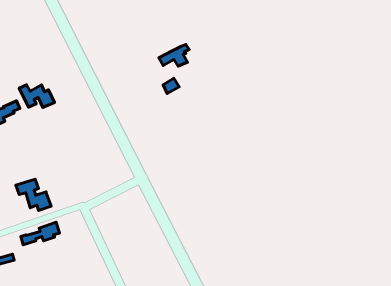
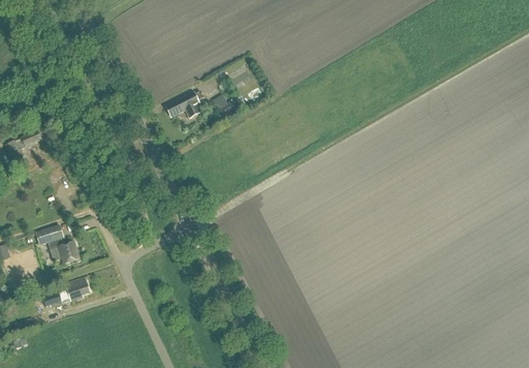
building: [159,44,189,66] -> [165,90,203,117]
building: [19,85,54,108] -> none

